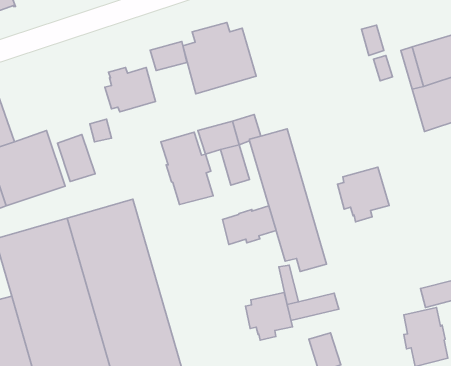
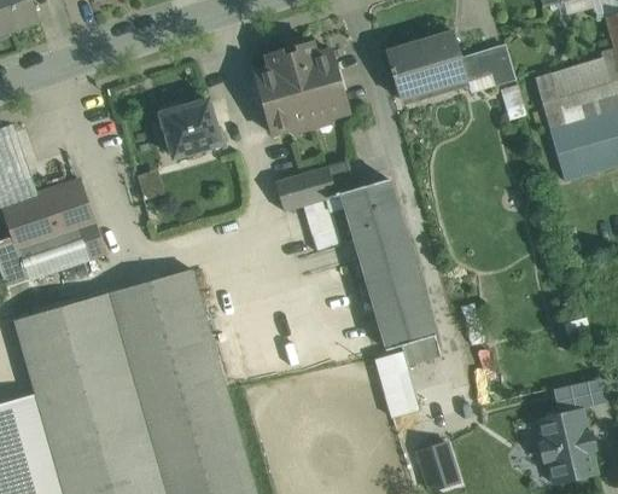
building: none -> [386,31,472,100]
building: [150,41,187,71] -> none
building: [161,132,213,204] -> none
building: [57,134,95,182] -> none
building: [337,167,389,222] -> none
building: [222,206,276,245] -> none
building: [245,292,292,340] -> none

